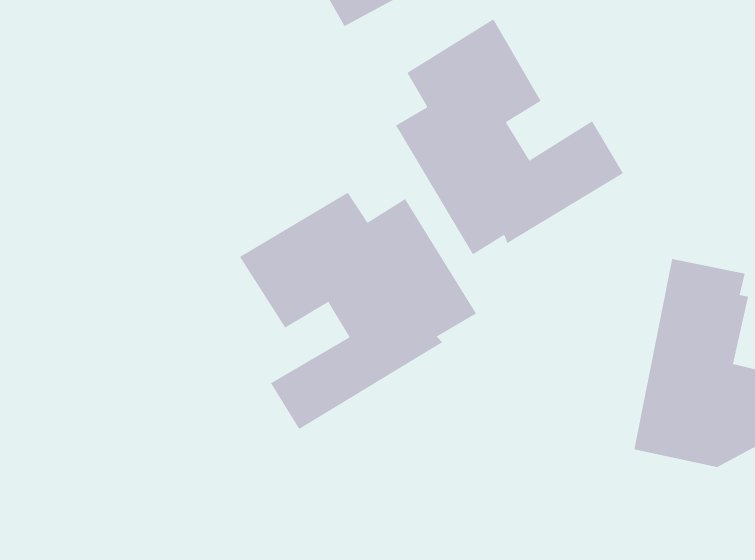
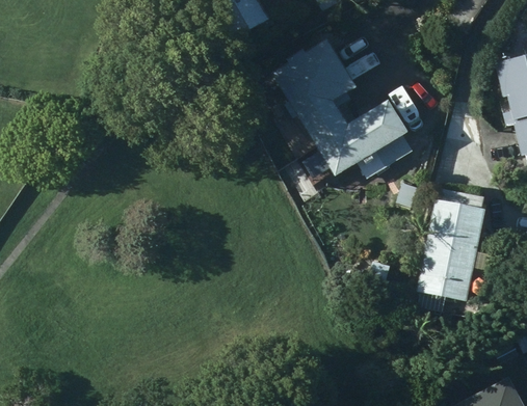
building: [239,192,477,430] -> none

